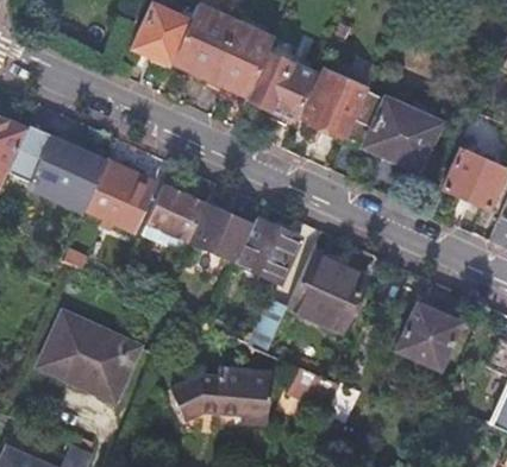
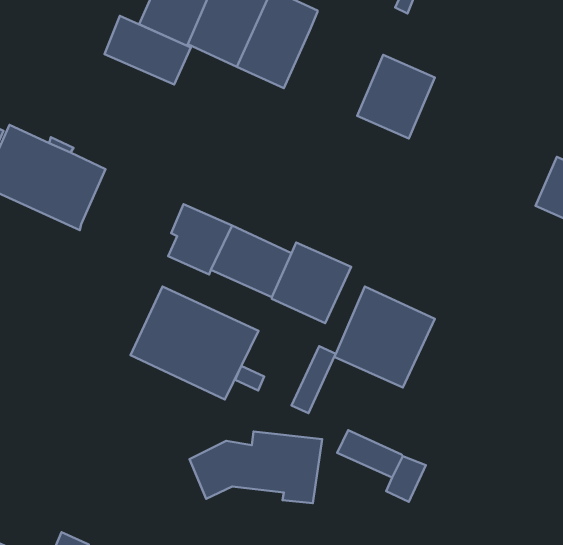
building: [248,38,315,121] -> none
building: none -> [105,16,191,85]
building: [346,91,439,170] -> none
building: [88,159,155,225] -> none
building: [395,303,457,367] -> none
building: [42,313,142,400] -> [130,287,258,399]

